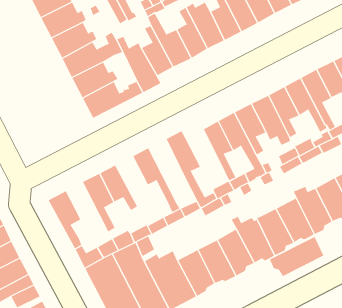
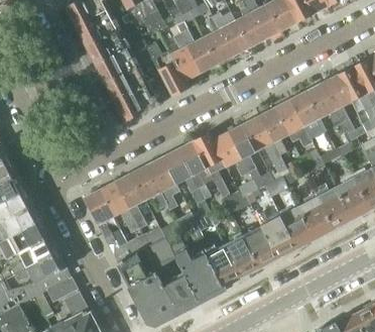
building: none -> [213,131,249,175]
building: none -> [177,140,213,200]
building: none -> [146,156,179,209]
building: none -> [100,181,139,232]
building: [269,236,324,277] -> none

